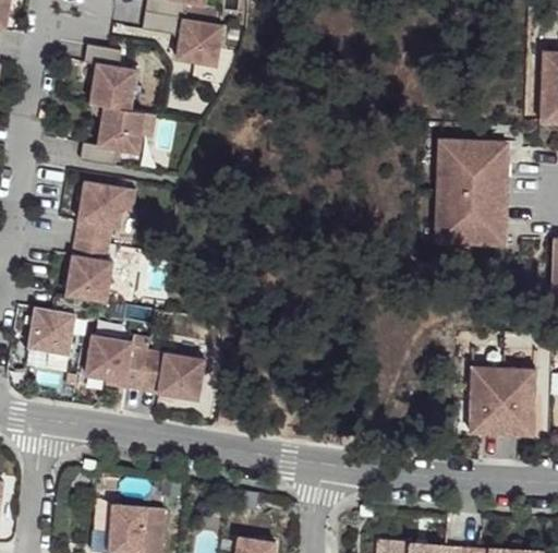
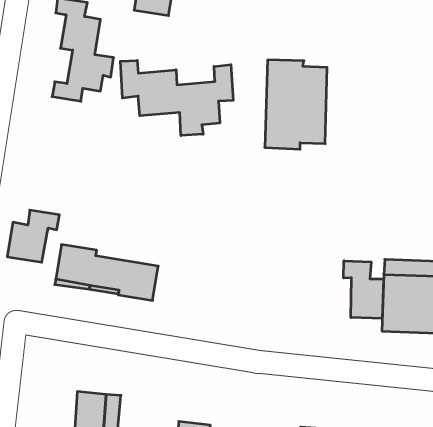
building: none -> [120,60,233,136]
building: [434,141,507,245] -> [265,60,327,149]
building: [68,180,137,301] -> none
building: none -> [344,261,384,319]

